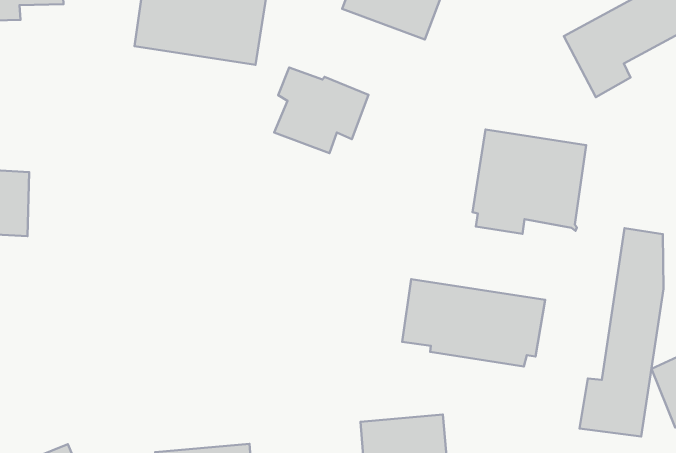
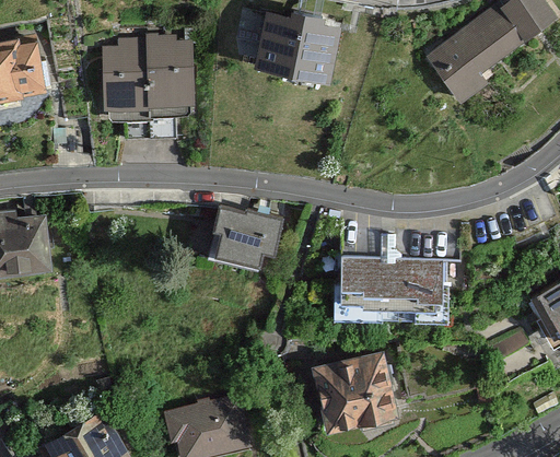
building: [274,68,368,153] -> [212,208,280,268]
building: [473,130,586,234] -> none
building: [579,228,664,437] -> none

